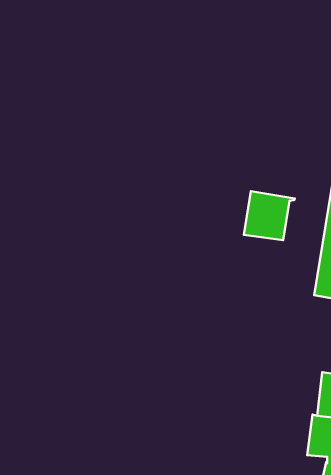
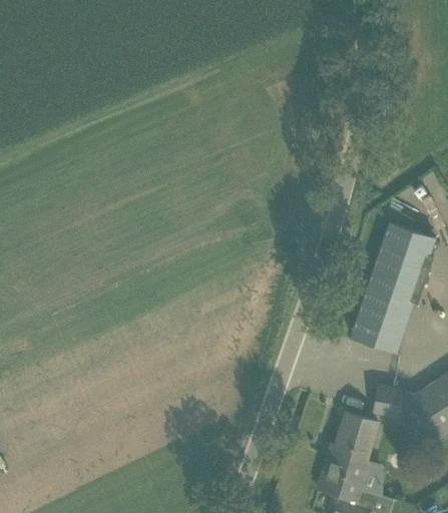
building: [244,191,295,240] -> none

